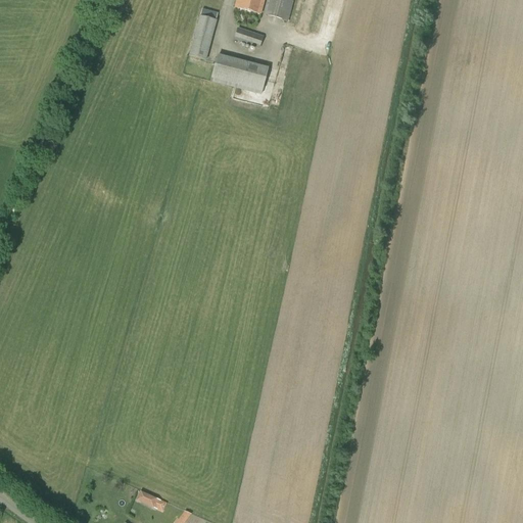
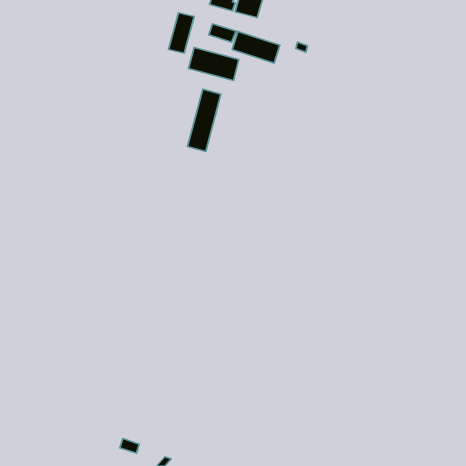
building: none -> [232,32,280,63]
building: none -> [188,89,221,151]

